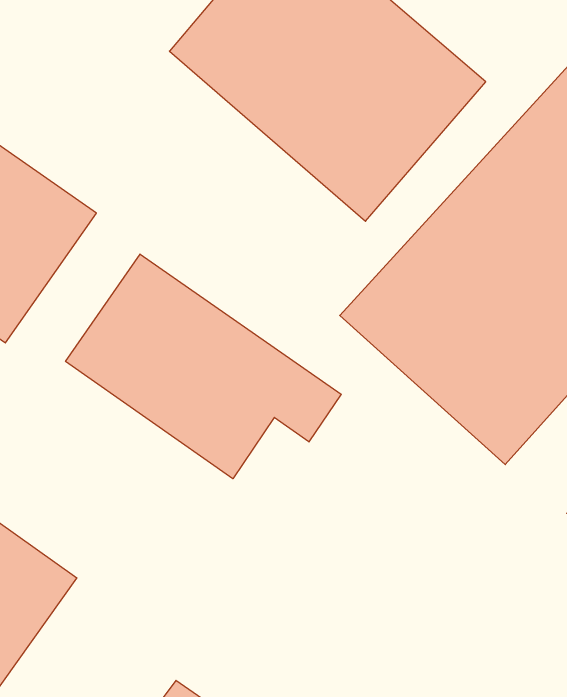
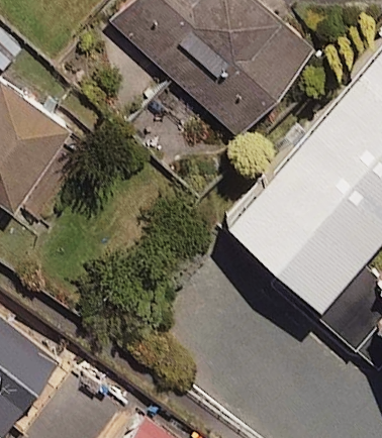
building: [66,254,341,479] -> none

